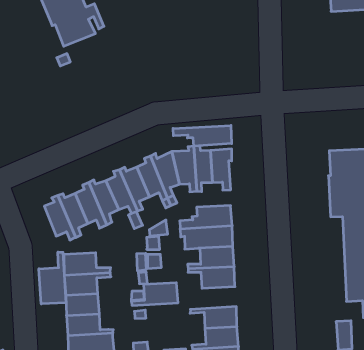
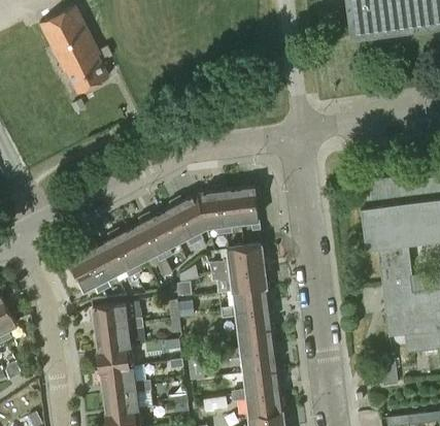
building: [173,125,232,146] -> none
building: [39,252,66,304] -> none
building: [131,283,178,305] -> [226,330,274,357]

